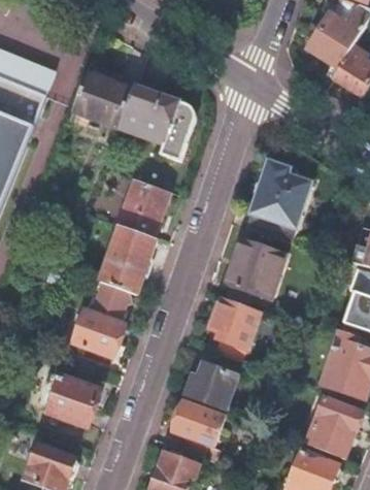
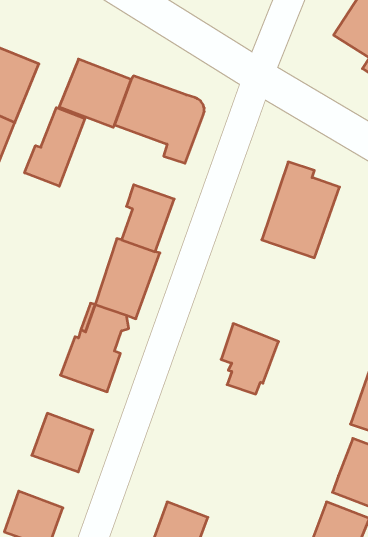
building: none -> [25,108,85,186]
building: [225,238,283,297] -> none
building: [184,362,237,409] -> none
building: [170,398,225,447] -> none

